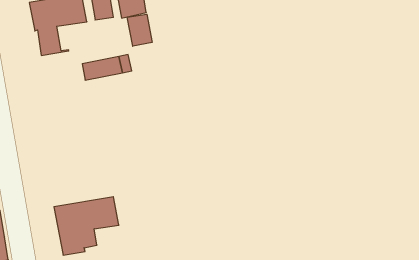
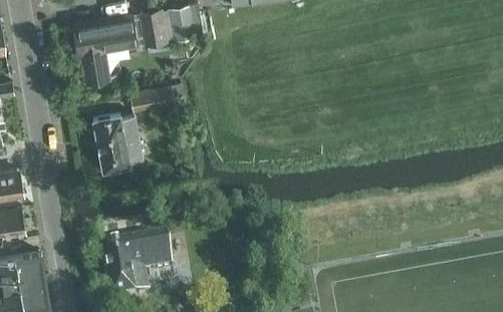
building: [127,14,152,46] -> none
building: none -> [94,111,149,168]

